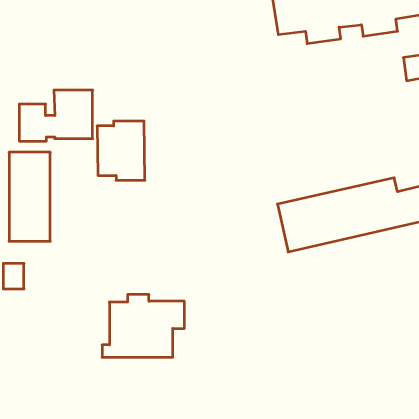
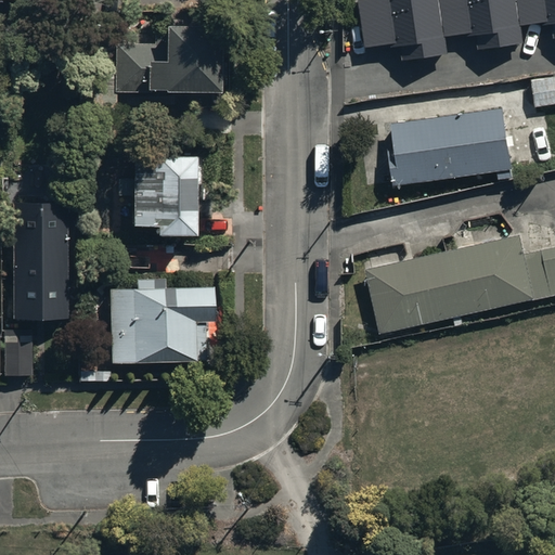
building: none -> [389,108,512,183]
building: [19,90,93,141] -> [118,33,215,100]
building: [102,295,184,357] -> [102,283,210,365]

